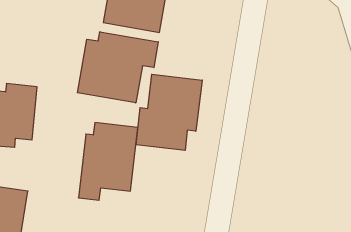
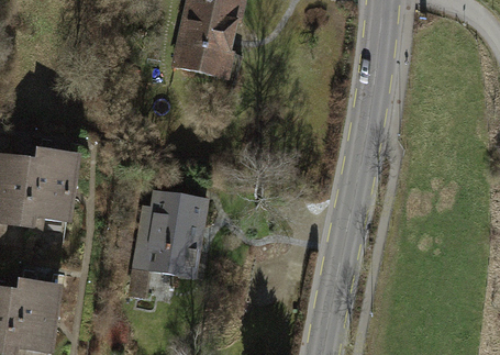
building: [77,32,158,103] -> none
building: [136,74,202,150] -> none

